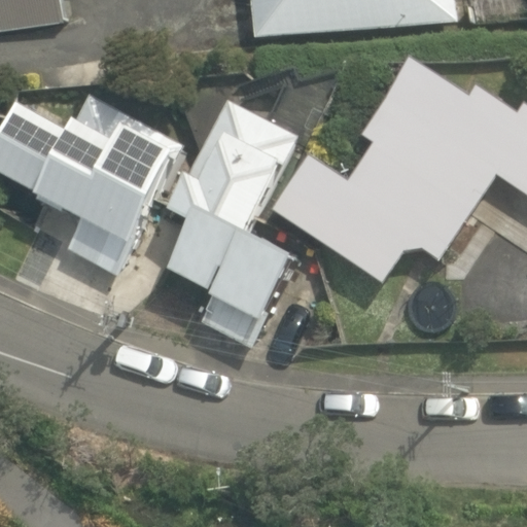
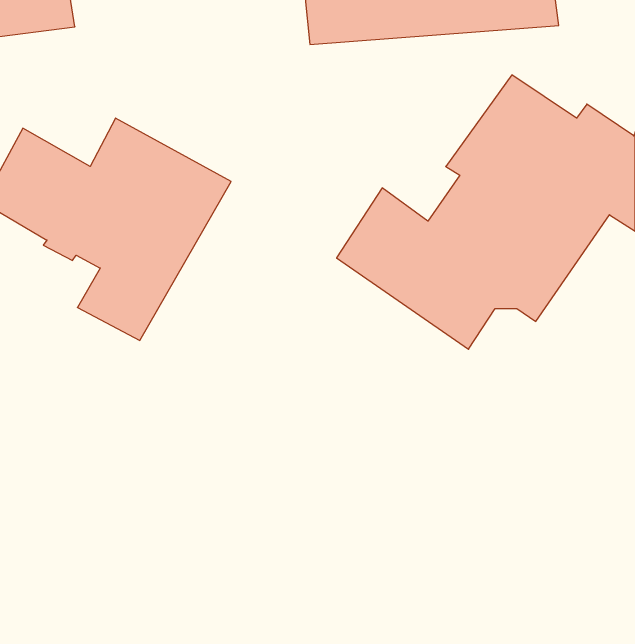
building: [169,103,297,347] -> none

